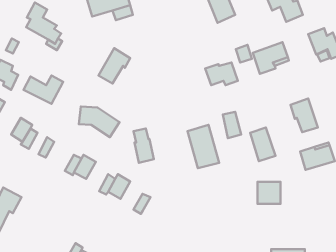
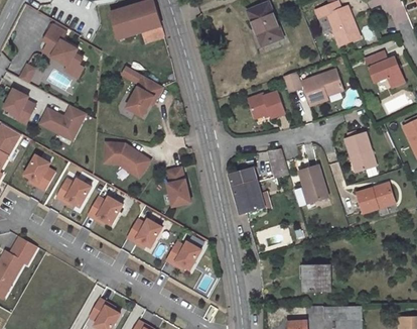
building: none -> [67,178,92,206]
building: [258,182,281,204] -> [303,265,329,291]
building: none -> [176,242,201,269]

